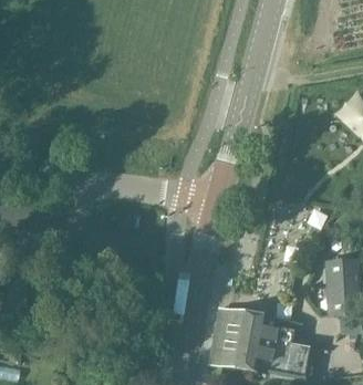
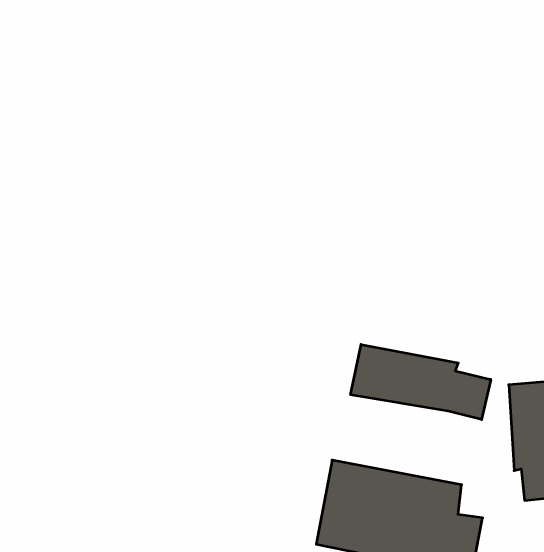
building: none -> [351,344,491,420]

